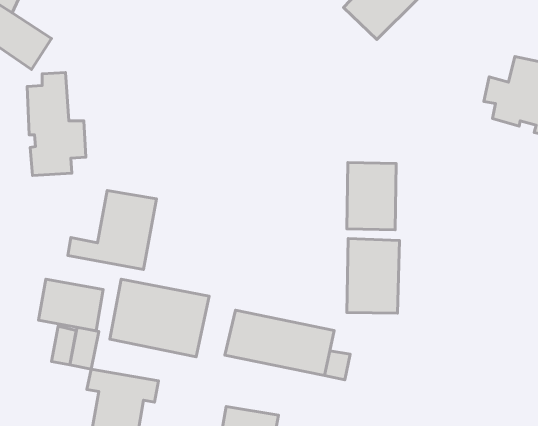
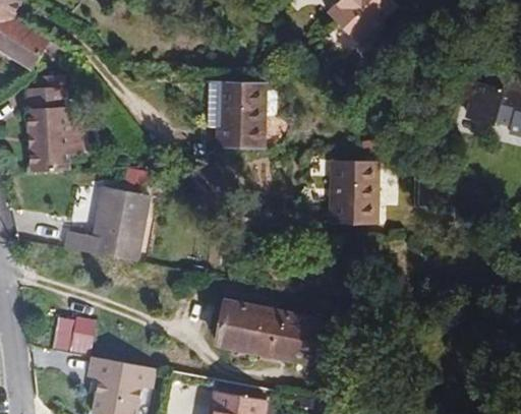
building: none -> [217,82,266,147]
building: [347,239,399,313] -> none
building: [38,279,103,331] -> none
building: [110,279,209,357] -> none

